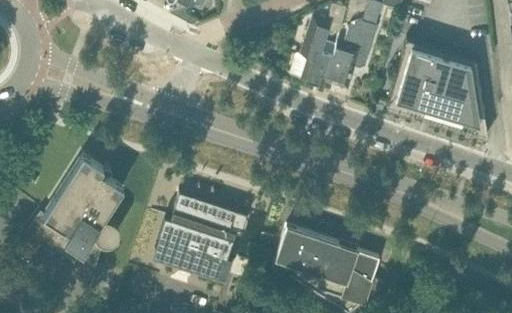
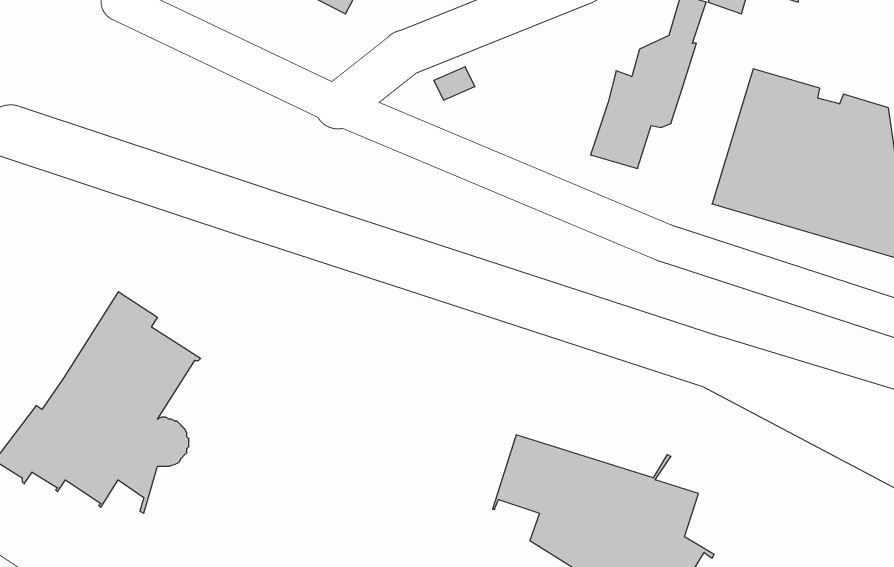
building: [300,18,332,87] -> none
building: [155,191,247,278] -> none

